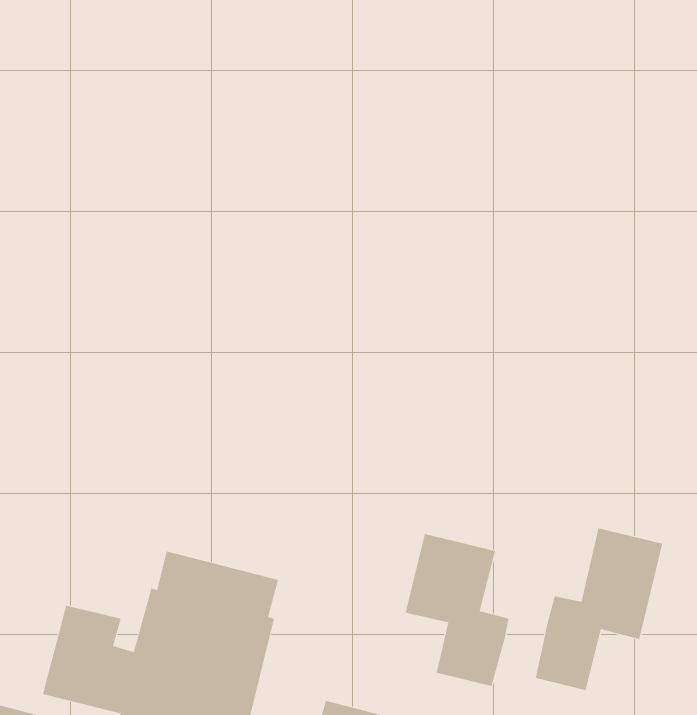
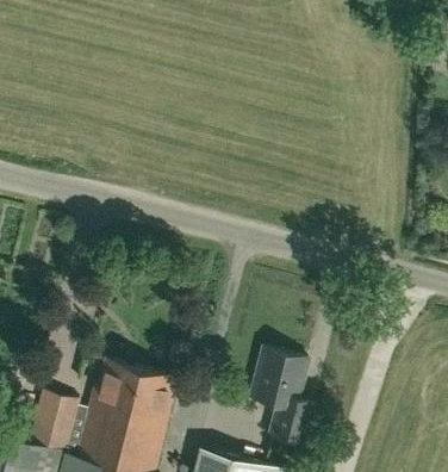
building: [535,527,663,691] -> none

